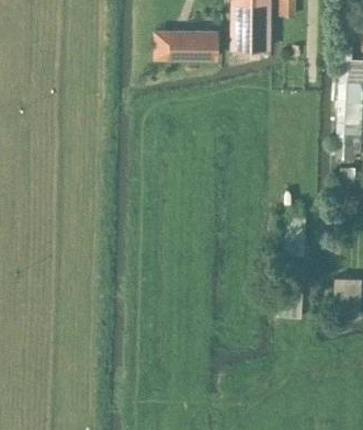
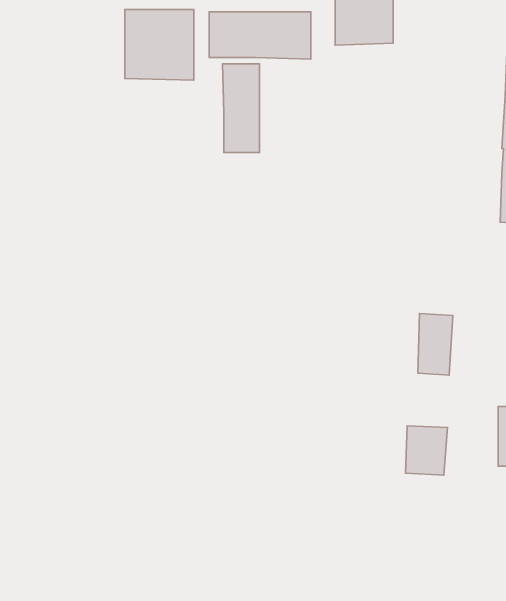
building: none -> [125,9,194,80]
building: none -> [222,64,259,153]

